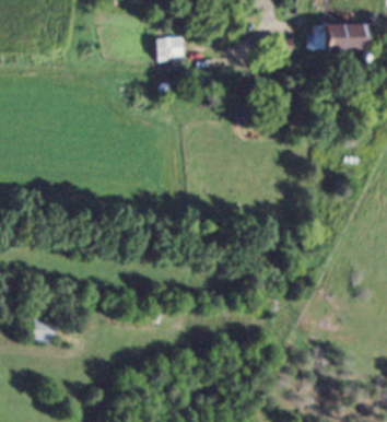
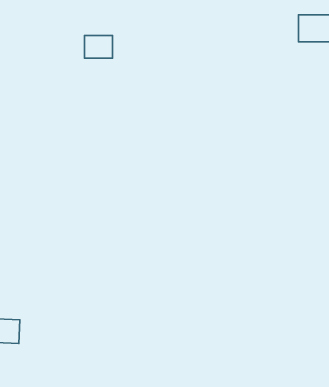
building: [156,37,184,59] -> [84,35,113,58]

